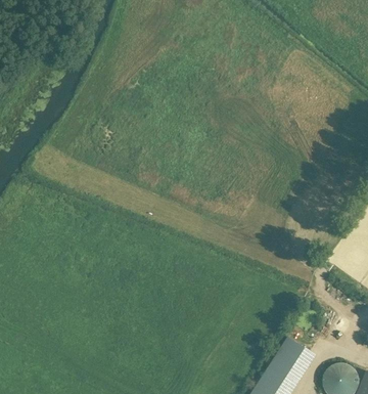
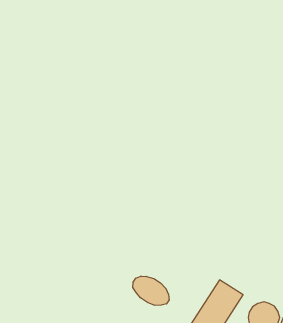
building: none -> [133,276,169,305]

